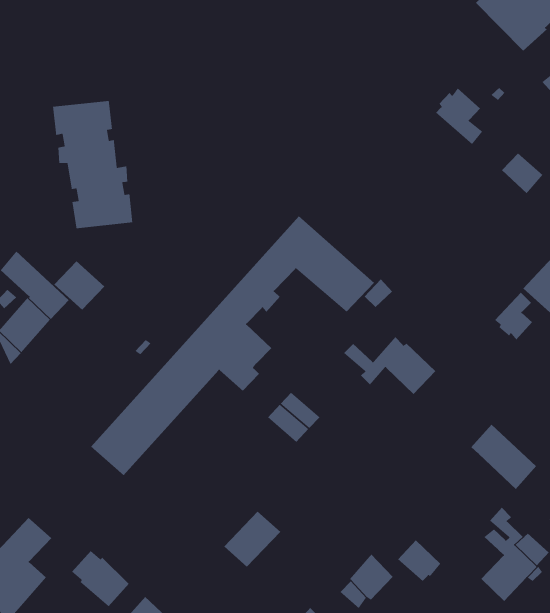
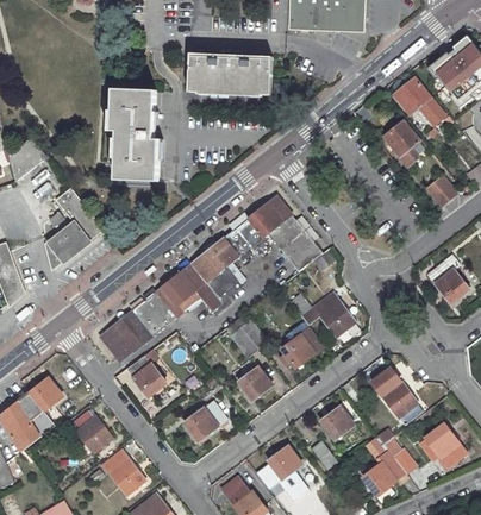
building: none -> [396,78,444,124]
building: none -> [187,54,270,95]
building: [54,261,105,311] -> none
building: [494,292,533,340] -> none
building: none -> [280,327,321,368]
building: none -> [237,366,271,400]
building: none -> [126,354,164,396]
building: none -> [319,406,352,439]

